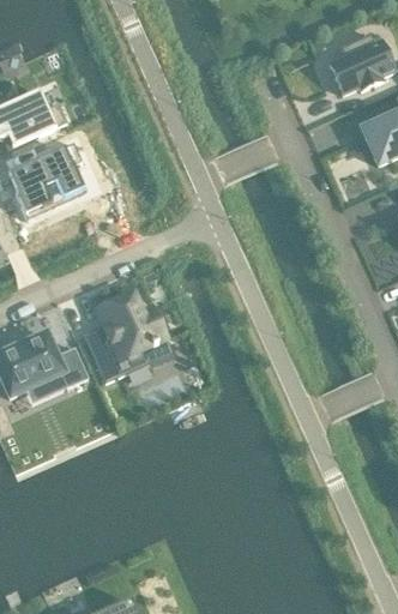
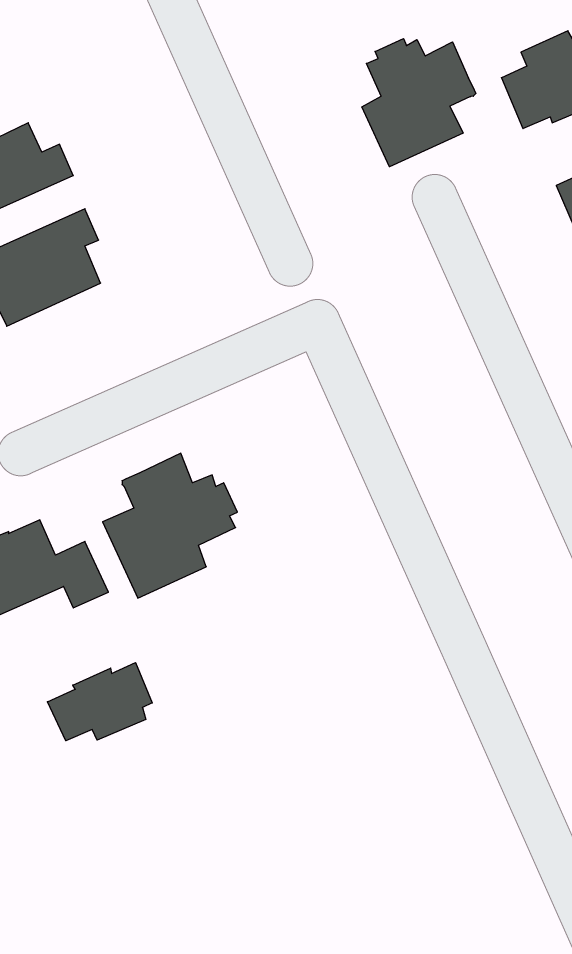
building: none -> [362,39,476,167]
building: none -> [47,663,152,741]

